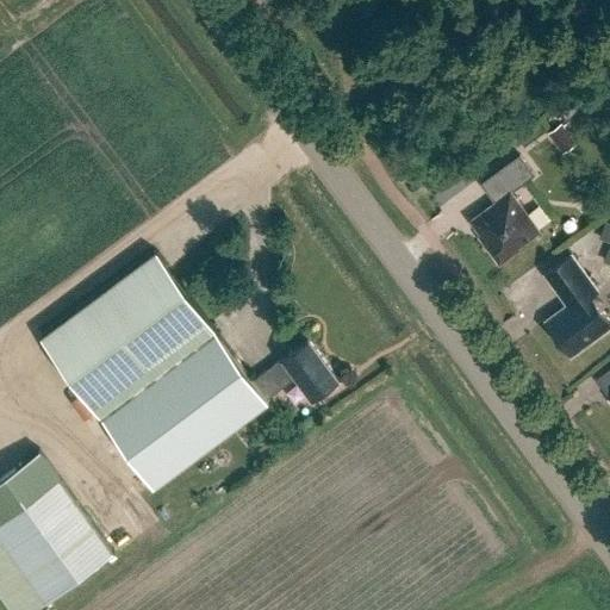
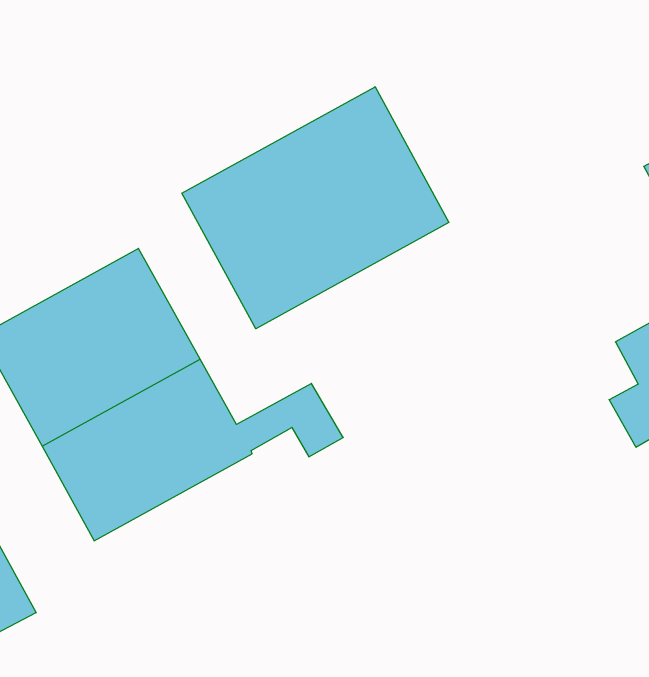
building: none -> [182,87,449,329]
building: [469,157,537,267] -> none

